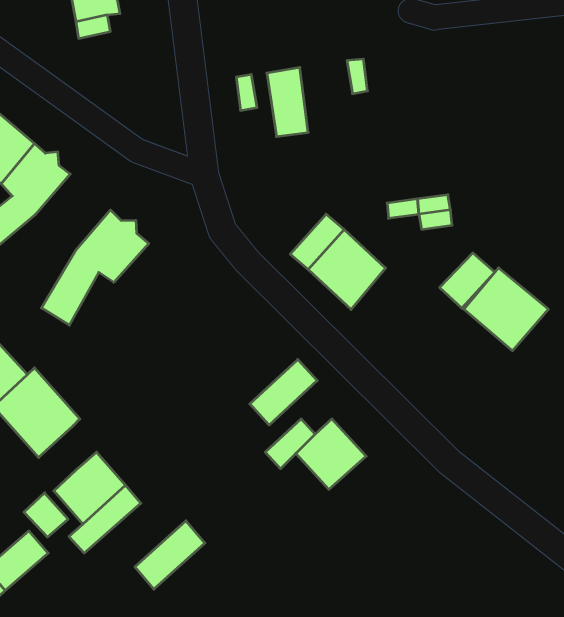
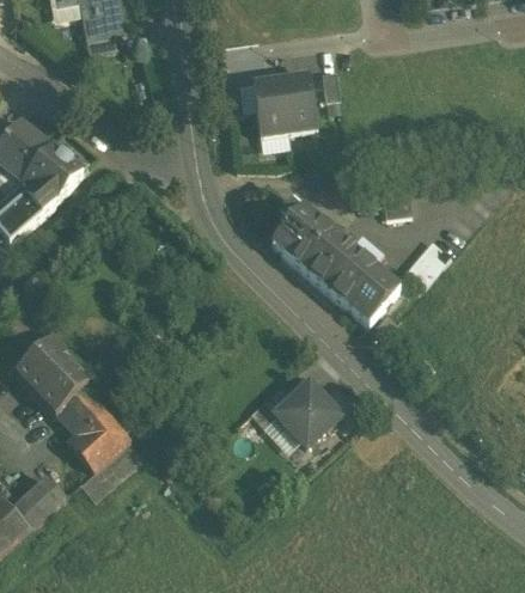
building: none -> [281,74,317,134]
building: [41,210,149,325] -> none
building: [464,268,548,351] -> [325,251,398,323]
building: [250,359,317,425] -> none
building: [24,493,68,537] -> [67,387,105,426]
building: [135,521,205,589] -> none

